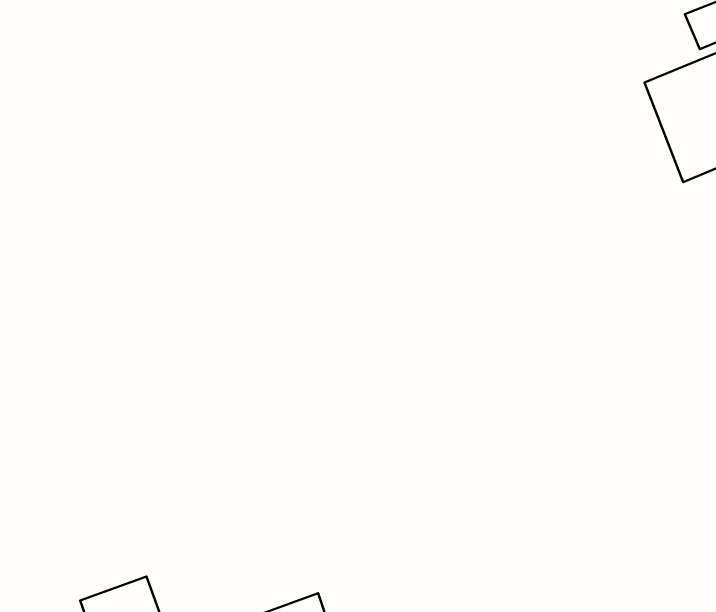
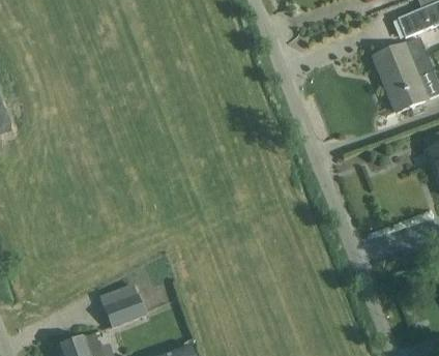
building: none -> [100,285,145,328]

